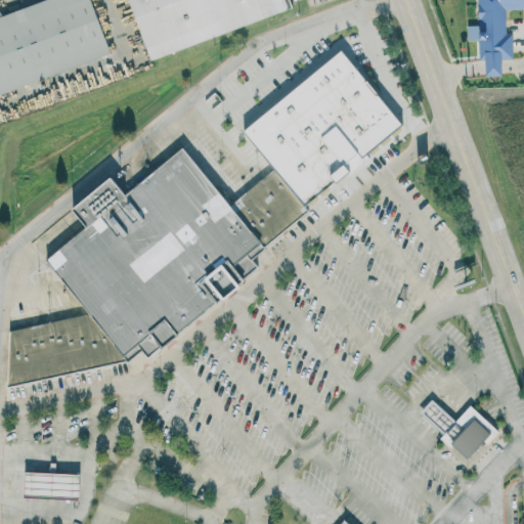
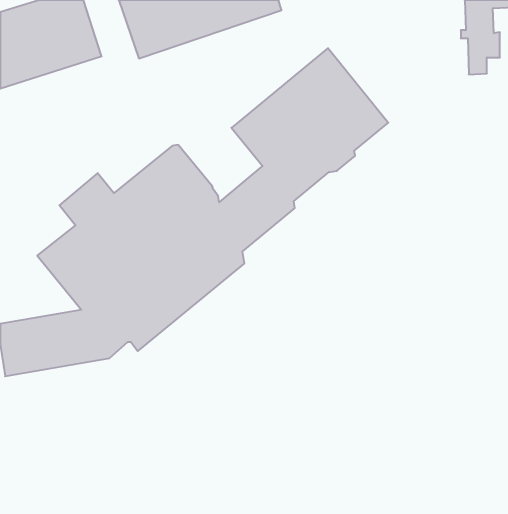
building: [420,398,493,460] -> none
building: [24,473,79,497] -> none

